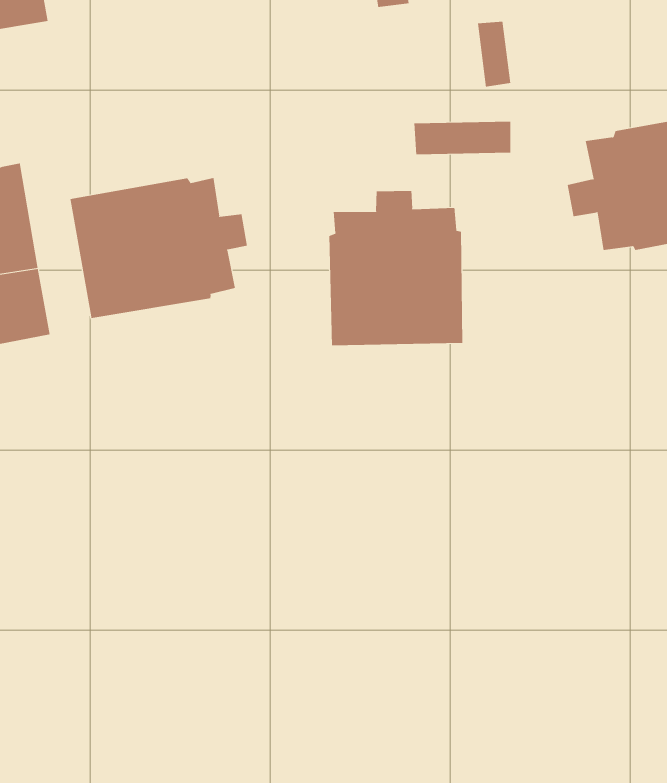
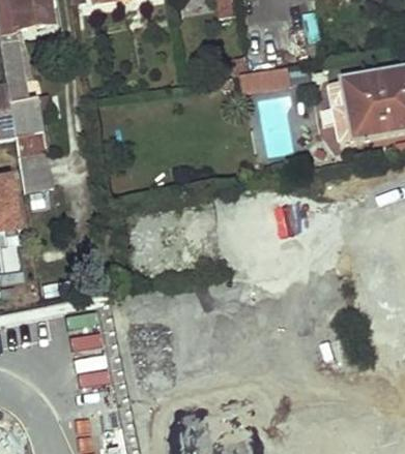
building: [70,177,247,319] -> none
building: [329,190,463,346] -> none

